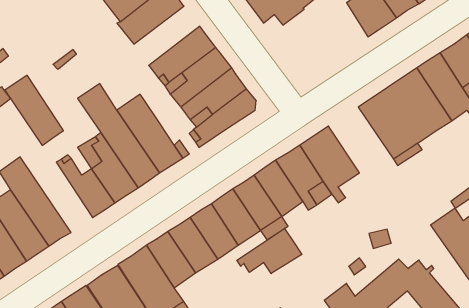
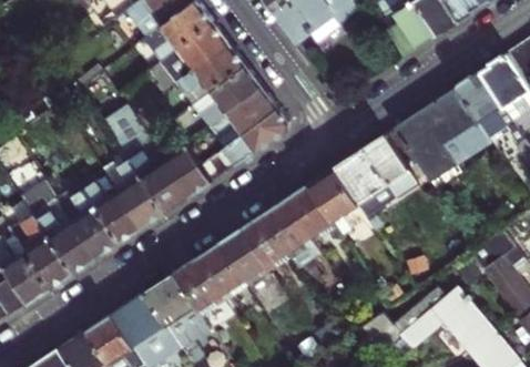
building: none -> [147,21,230,93]
building: [5,75,63,145] -> [57,184,118,257]
building: none -> [364,132,418,195]
building: [237,228,302,274] -> none

